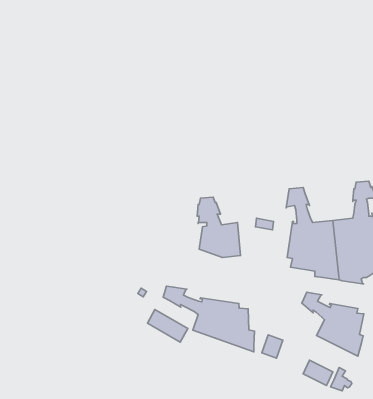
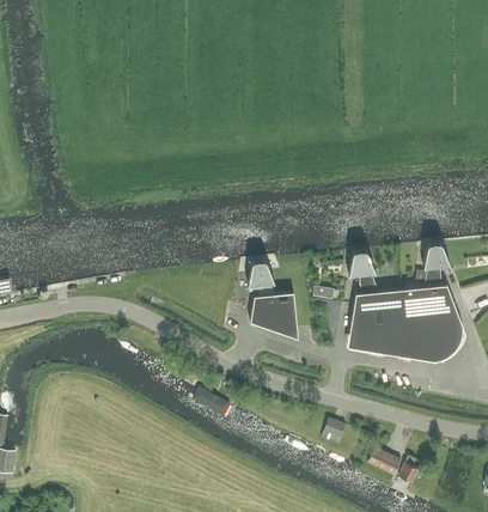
building: [163,286,254,352] -> none
building: [302,292,364,356] -> none

